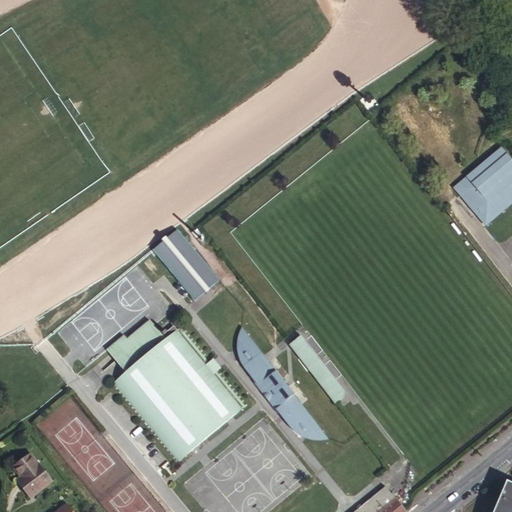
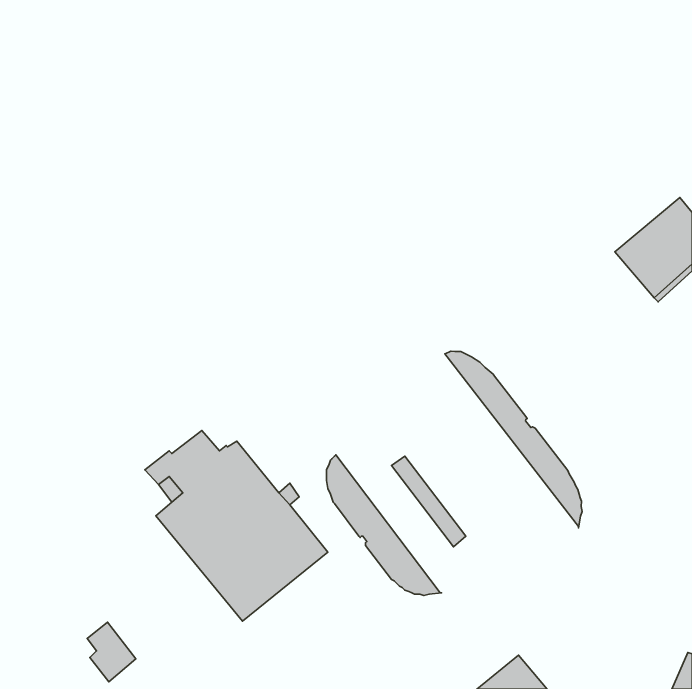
building: [151,228,218,299] -> none
building: none -> [445,351,582,528]
building: [15,453,51,497] -> [87,622,136,682]

